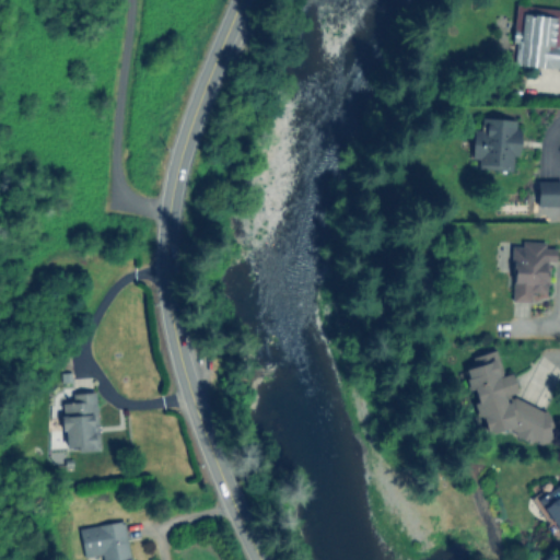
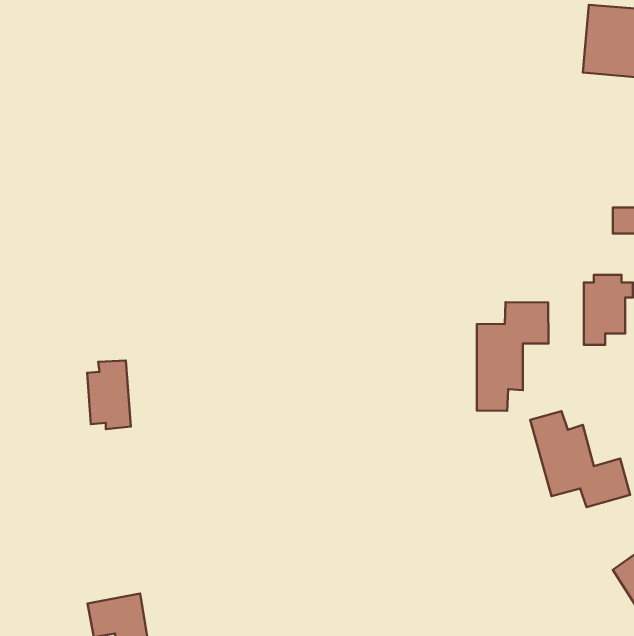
building: [474,119,524,171] -> none
building: none -> [477,302,548,411]
building: [65,394,103,454] -> [87,360,131,429]

